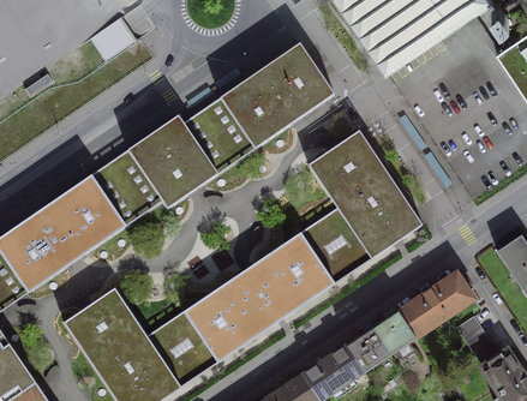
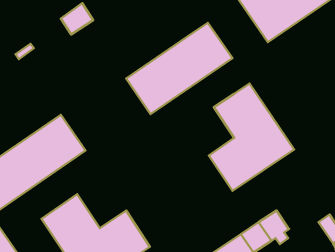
building: [91,115,218,226] -> none
building: [184,233,335,363] -> none
building: [397,271,473,336] -> none

